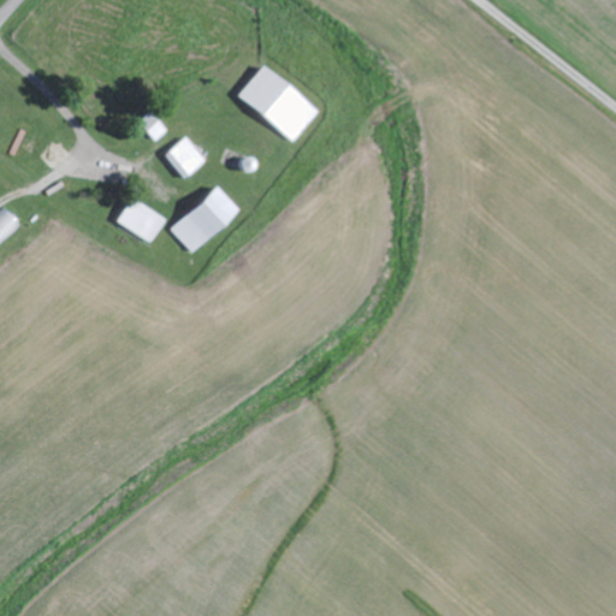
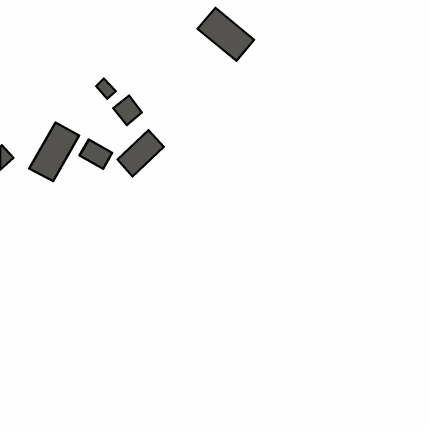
building: [238,65,319,141] -> [198,8,254,61]
building: none -> [29,123,79,181]

